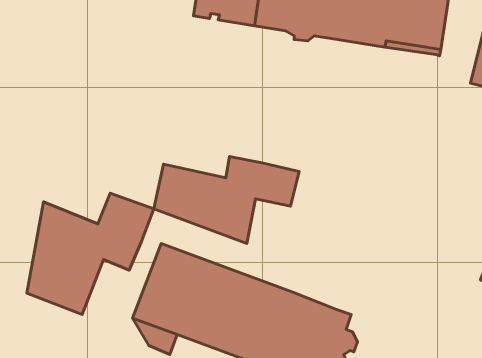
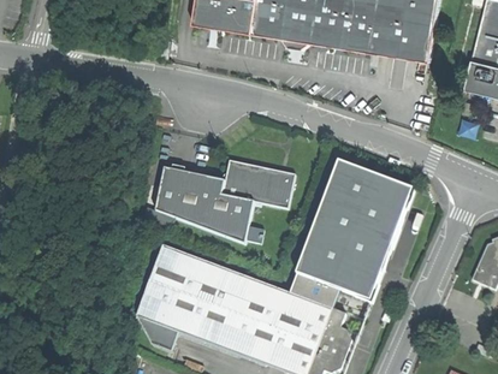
building: none -> [289,160,411,307]
building: [27,193,154,314] -> none

